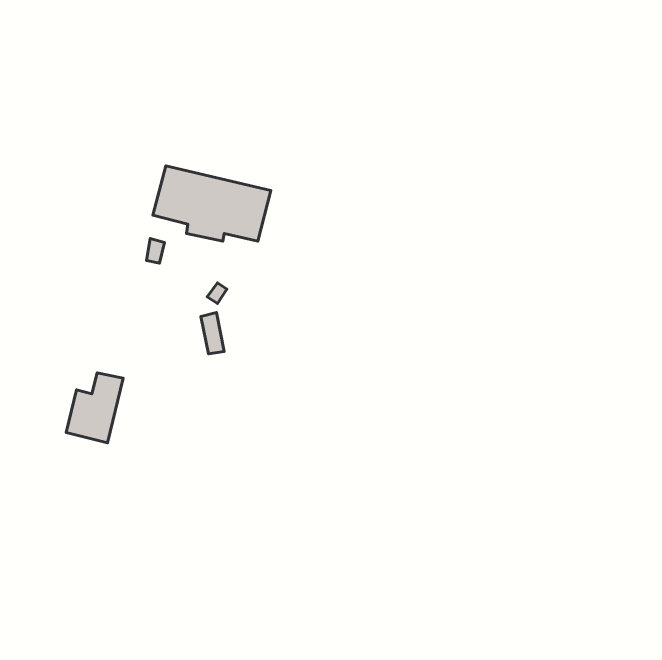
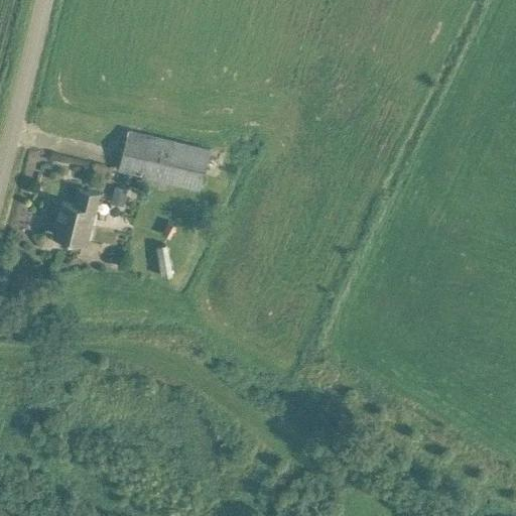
building: [66,373,123,443] -> [53,188,98,243]

